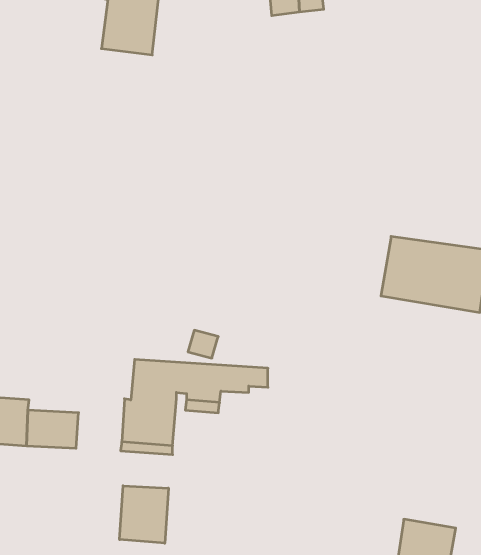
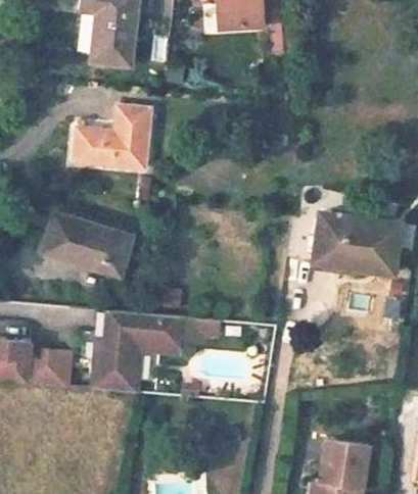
building: none -> [82,111,160,168]
building: none -> [38,213,125,275]
building: [120,486,168,543] -> none

